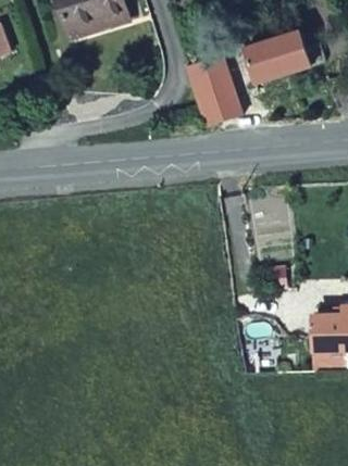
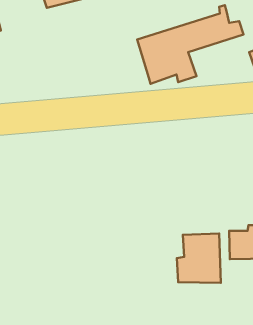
building: none -> [177,234,221,283]

